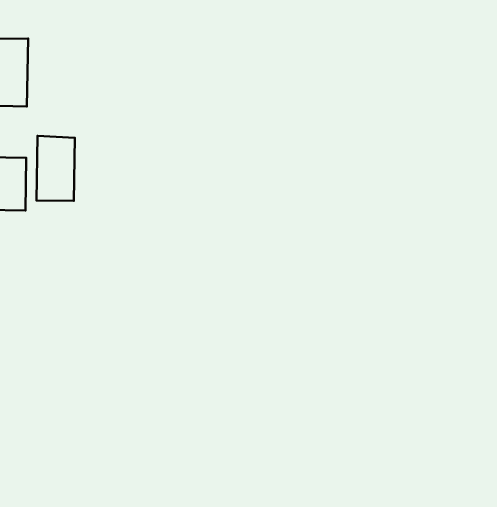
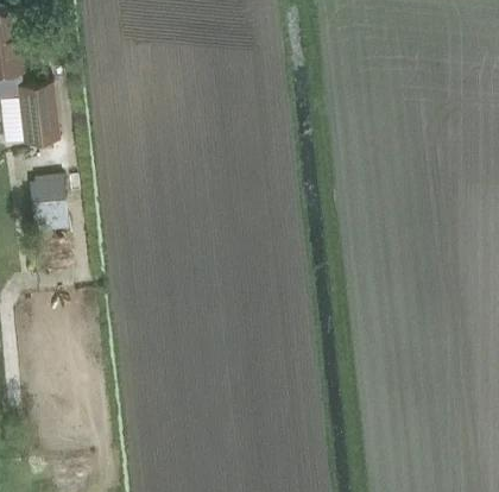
building: [36,136,75,201] -> none

